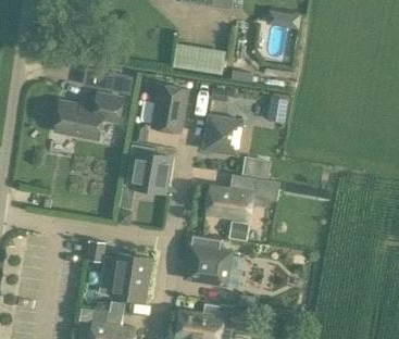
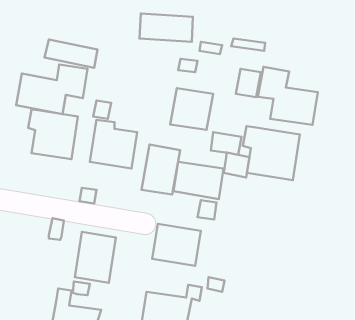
building: [151,84,188,131] -> [142,145,180,194]
building: none -> [258,67,318,125]
building: none -> [28,110,78,159]
building: none -> [243,126,300,180]

